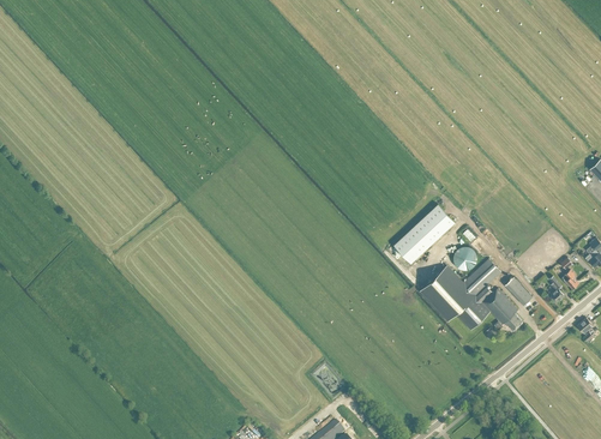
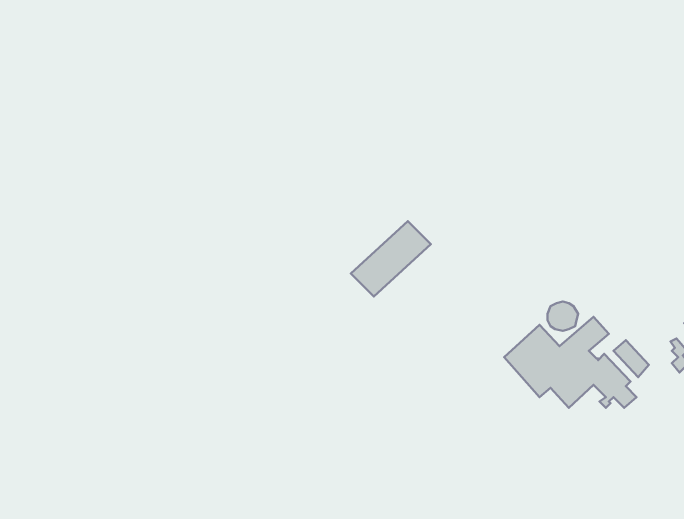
building: [393,203,456,261] -> [351,221,431,296]

